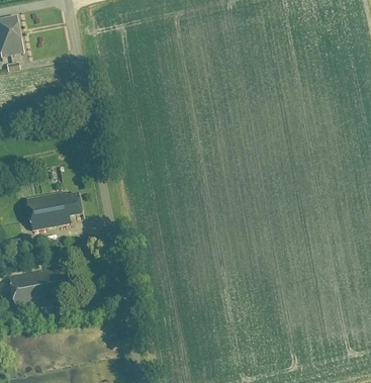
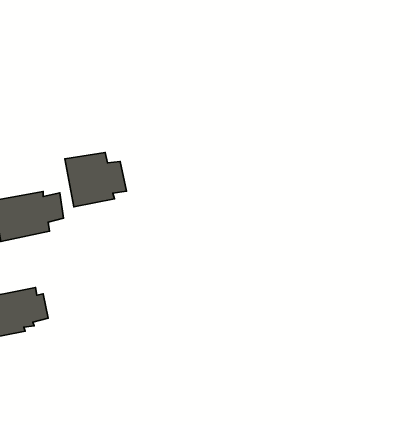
building: none -> [65,152,127,207]

